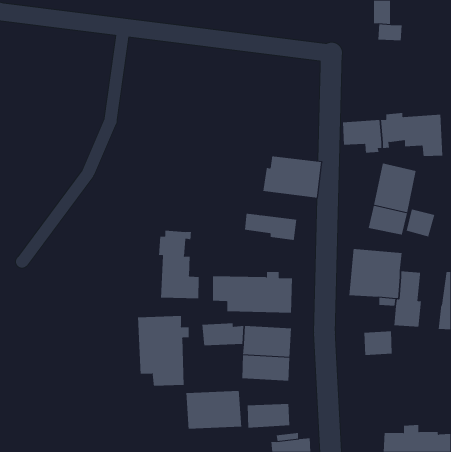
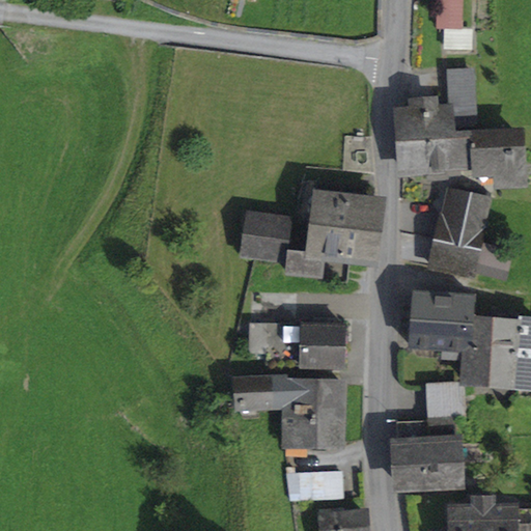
building: none -> [399,72,473,143]
building: none -> [244,214,290,260]
building: none -> [305,224,372,260]
building: [158,230,199,299] -> none
building: none -> [491,316,523,386]
building: [137,315,189,386] -> none
building: none -> [394,419,458,485]
building: [186,390,242,429] -> none

